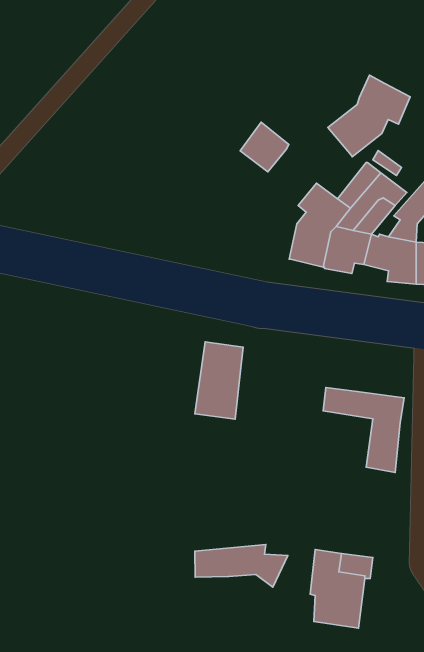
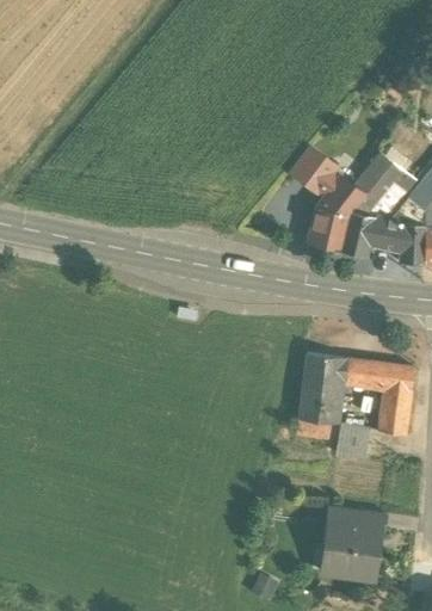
building: [328,75,410,157] -> none
building: [240,122,289,172] -> [291,148,335,193]
building: [195,342,243,419] -> [297,354,341,425]
building: none -> [335,426,370,458]
building: [195,545,288,587] -> none

